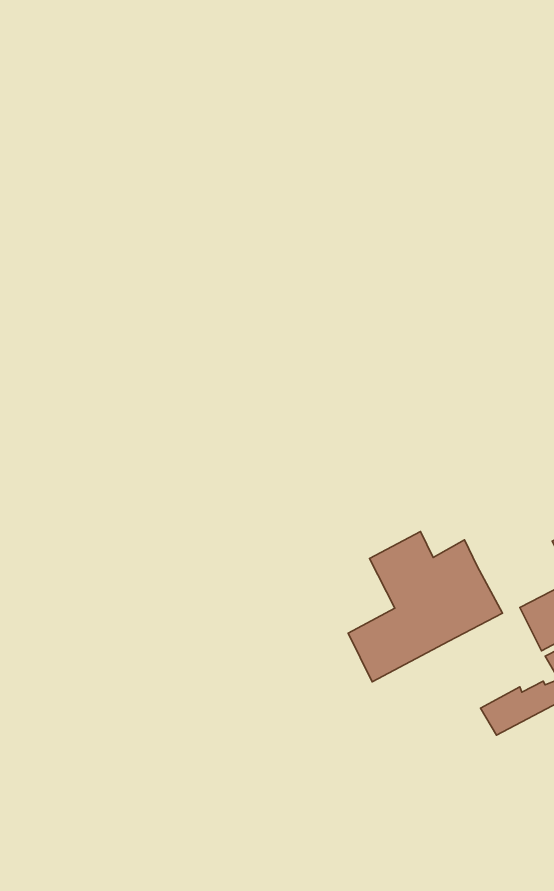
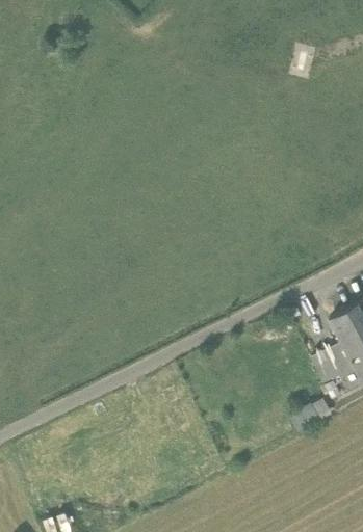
building: [348,531,503,682] -> none

